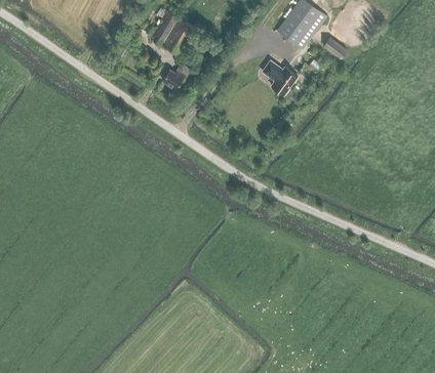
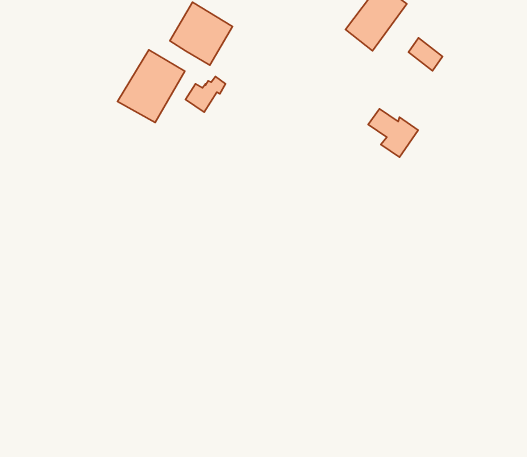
building: none -> [117,50,185,123]
building: [262,59,298,94] -> [368,109,418,157]

